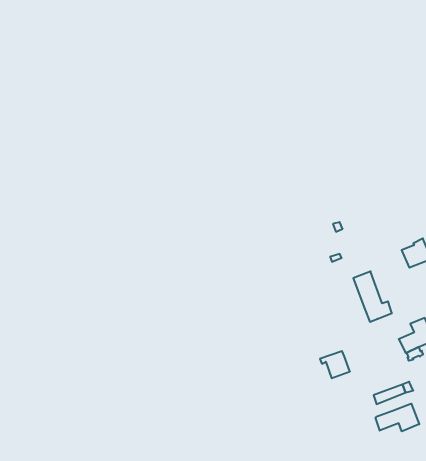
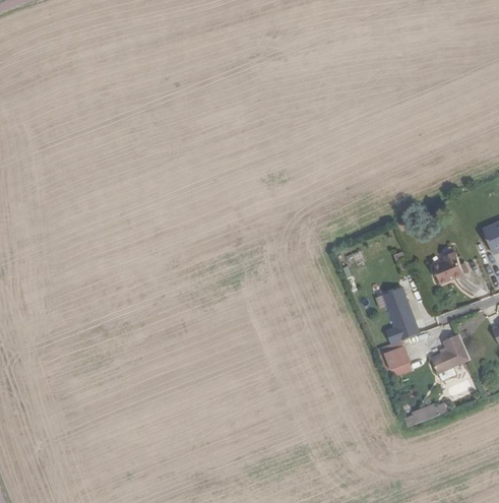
building: [320,351,350,378] -> [377,339,409,368]
building: [376,404,419,431] -> none

